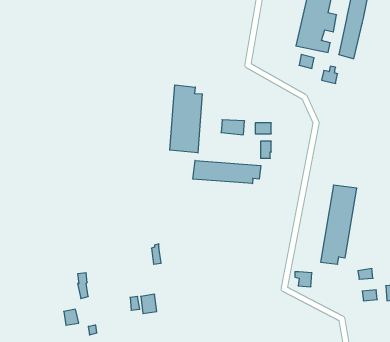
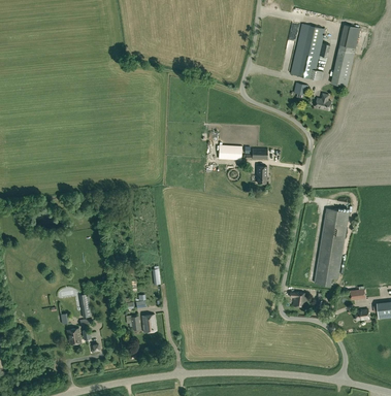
building: [170,85,202,153] -> none
building: [193,160,261,184] -> none

